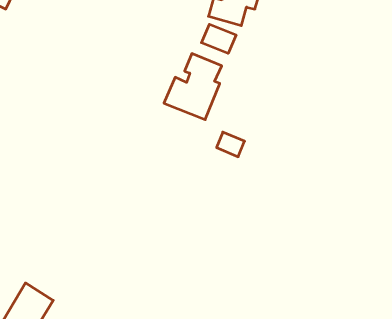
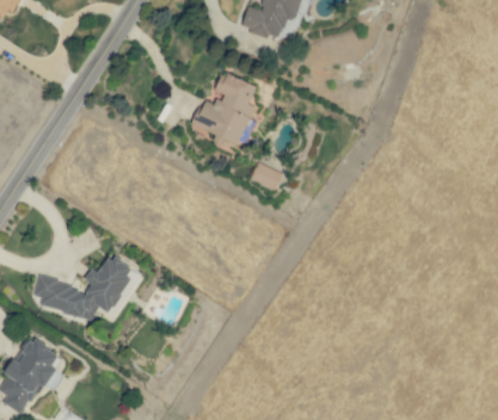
building: [201,24,236,53] -> none
building: none -> [33,258,131,320]

